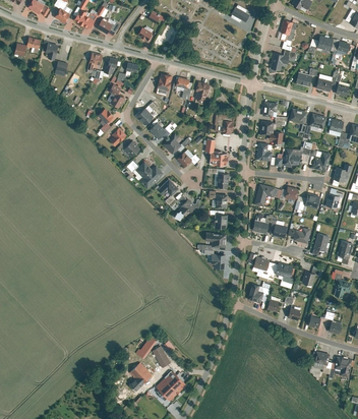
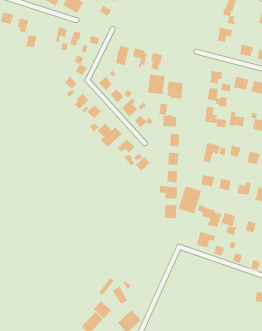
building: none -> [148,74,165,95]
building: none -> [178,185,202,214]

